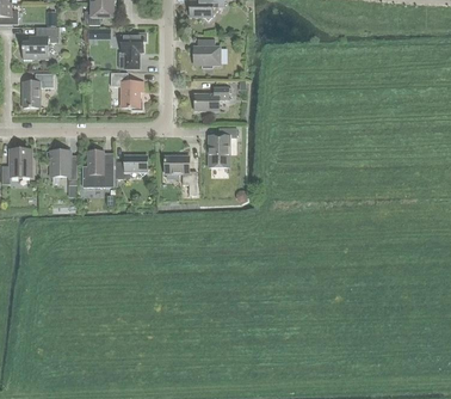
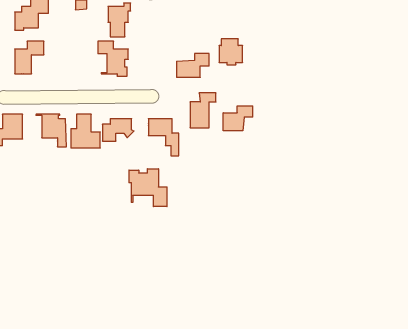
building: [194,38,220,66] -> [219,39,243,65]
building: none -> [223,106,253,131]
building: none -> [129,169,167,207]

